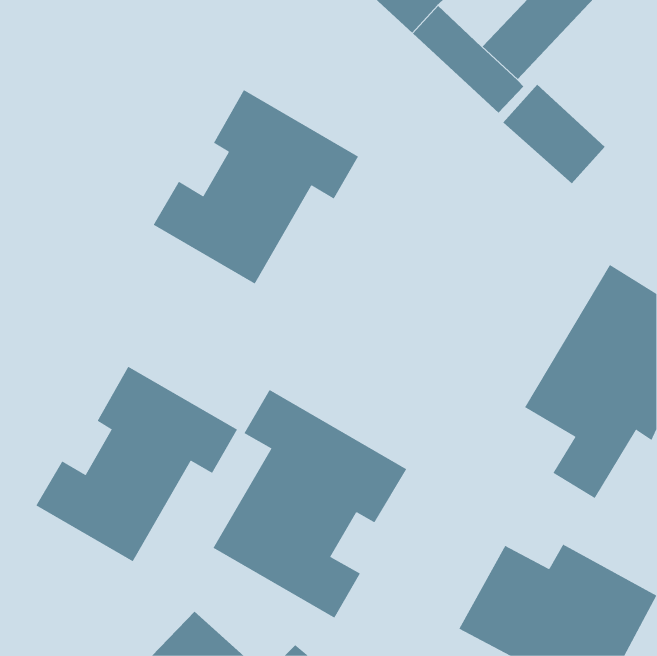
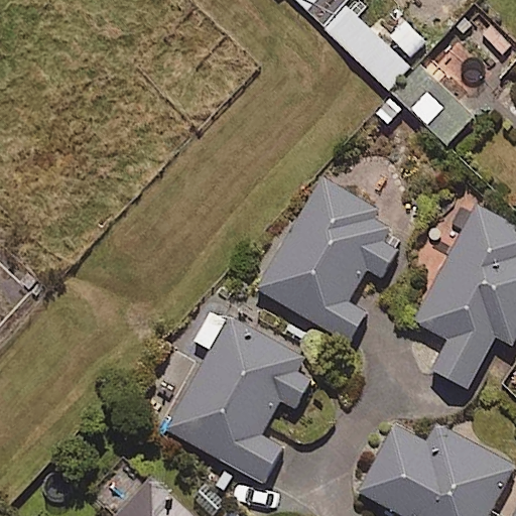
building: [153,89,359,285] -> none
building: none -> [257,177,404,342]
building: [36,366,238,562] -> none

